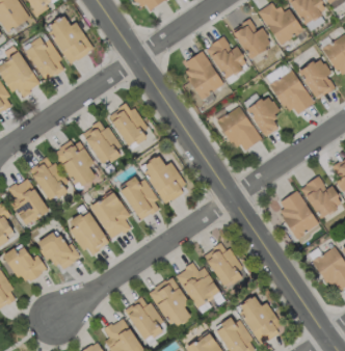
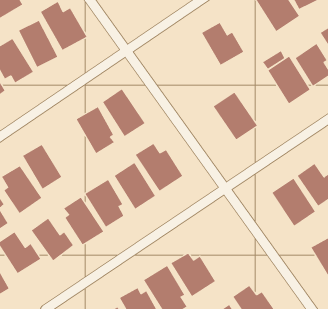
building: [233,20,272,58] -> none
building: [184,51,222,99] -> none
building: [245,95,280,137] -> none
building: [52,140,100,189] -> none
building: [203,244,244,289] -> none

